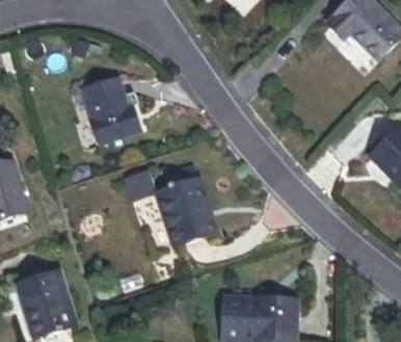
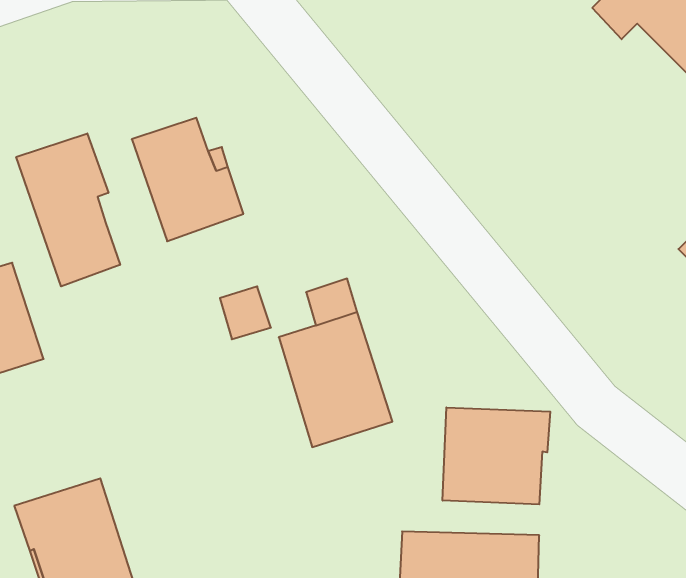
building: none -> [16,133,120,286]
building: none -> [443,407,550,504]

